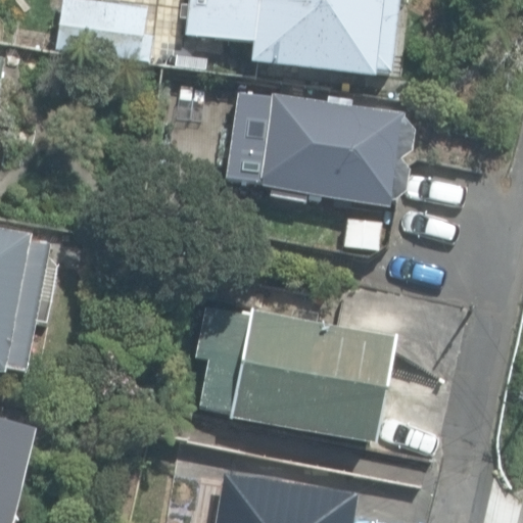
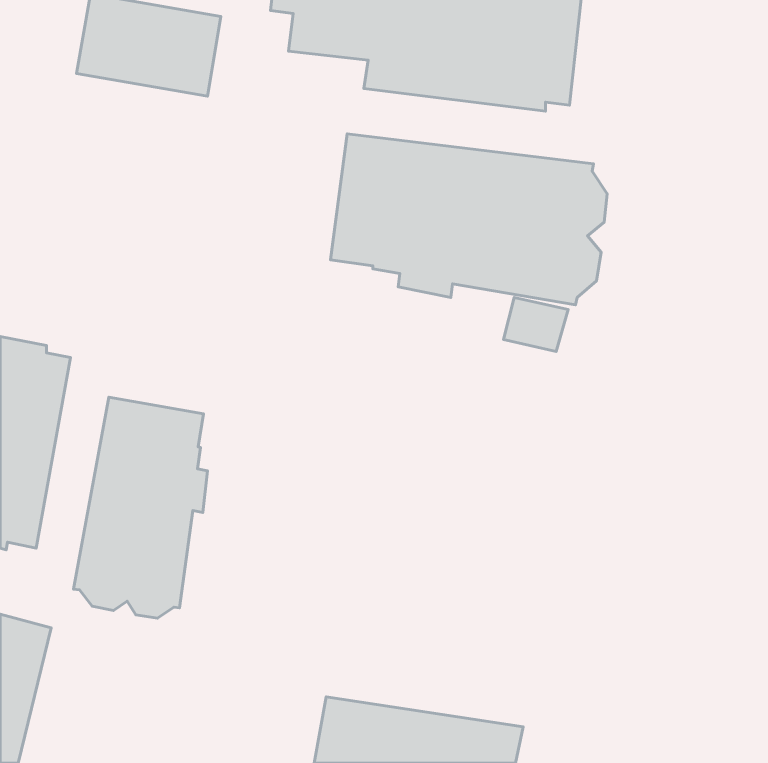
building: none -> [74,397,208,618]
building: [198,305,398,444] -> none

